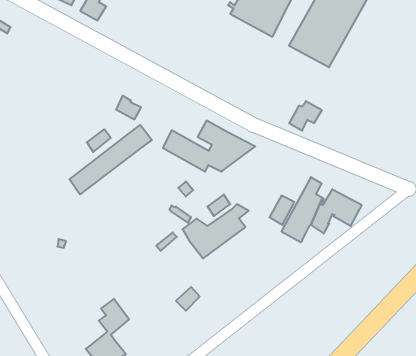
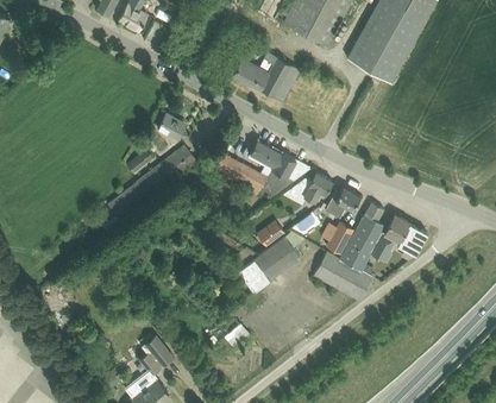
building: none -> [233,52,300,101]
building: [289,101,322,131] -> [325,187,360,219]
building: none -> [291,172,332,201]
building: none -> [313,252,372,301]

